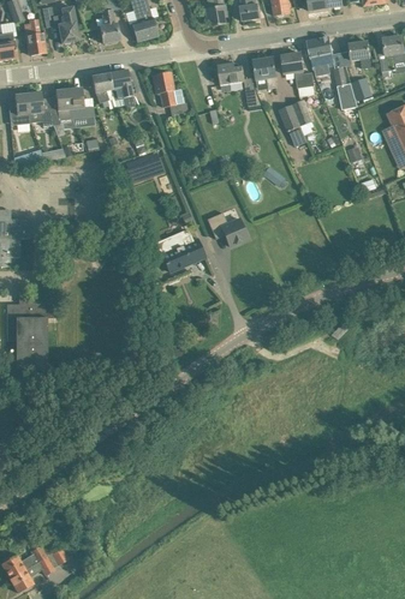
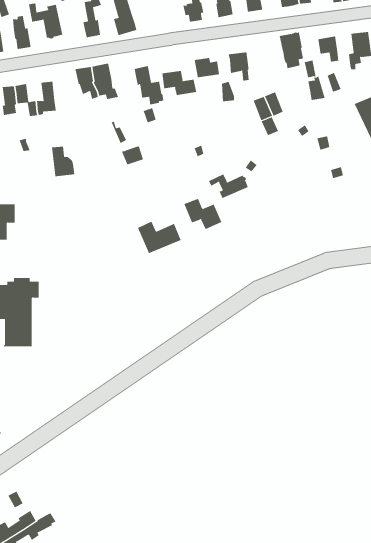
building: [281,53,314,88] -> none
building: none -> [162,70,197,96]
building: [67,88,93,120] -> [51,146,75,177]
building: none -> [208,174,249,199]

